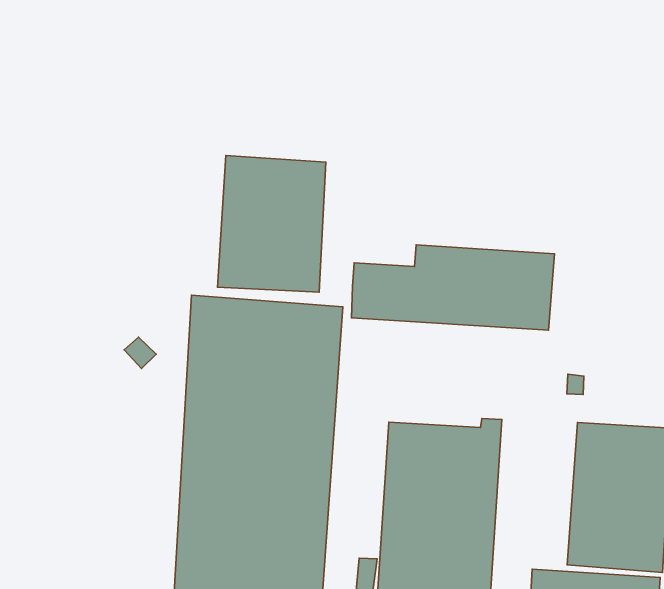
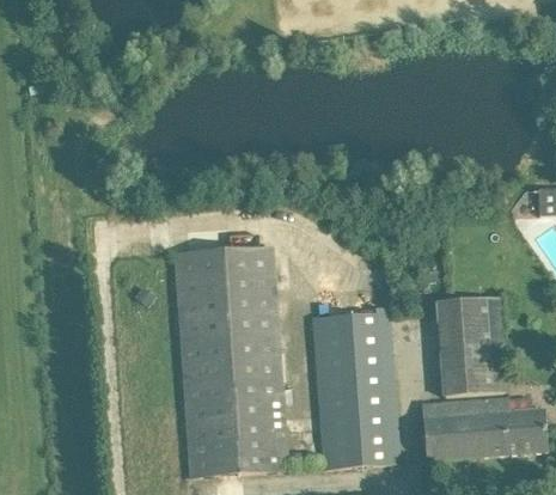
building: [218,155,326,292] -> none
building: [351,245,555,330] -> none

